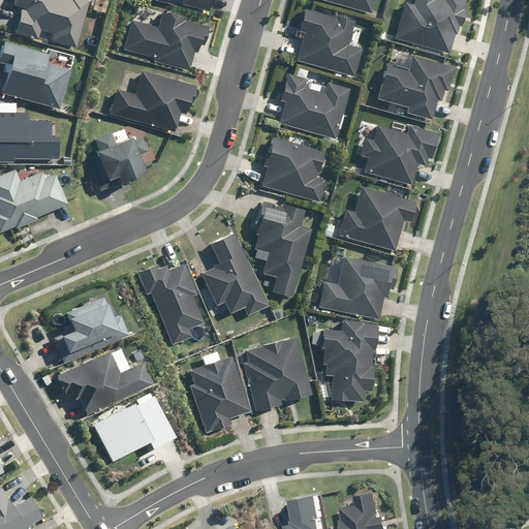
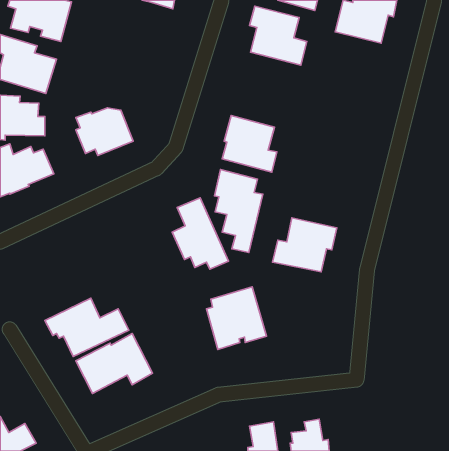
building: [124,13,206,70] -> none
building: [378,55,454,119] -> none
building: [110,71,191,129] -> none
building: [279,72,348,138] -> none
building: [360,124,436,185] -> none
building: [339,185,415,250] -> none
building: [137,262,205,344] -> none
building: [54,293,125,361] -> none
building: [322,320,375,400] -> none
building: [192,355,252,431] -> none

